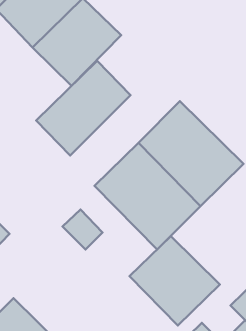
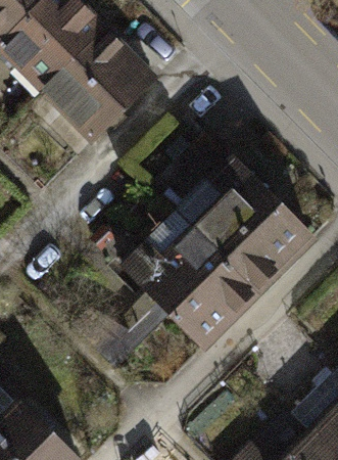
building: [36,61,130,156] -> none
building: [130,236,220,325] -> none

